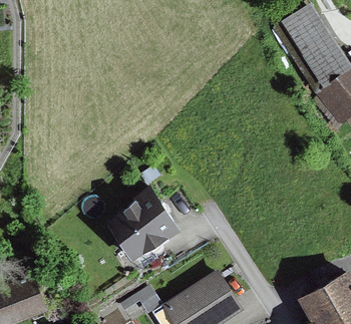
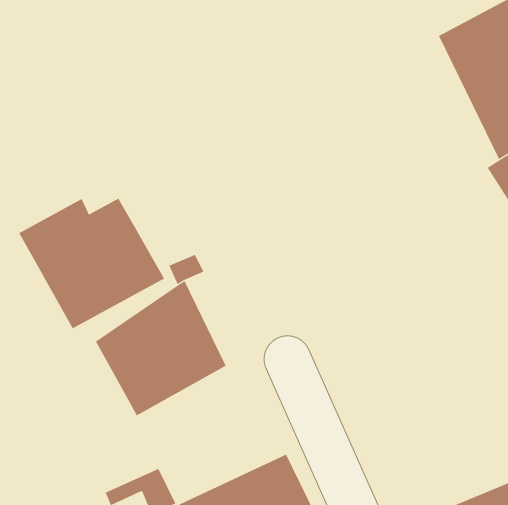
building: none -> [19,198,165,329]

